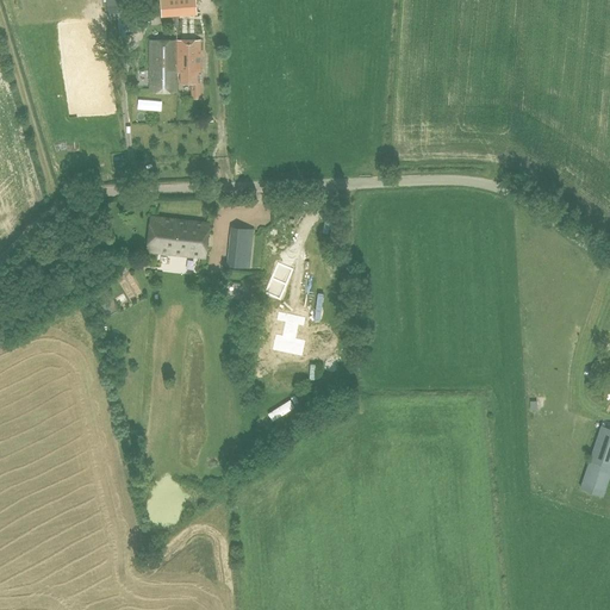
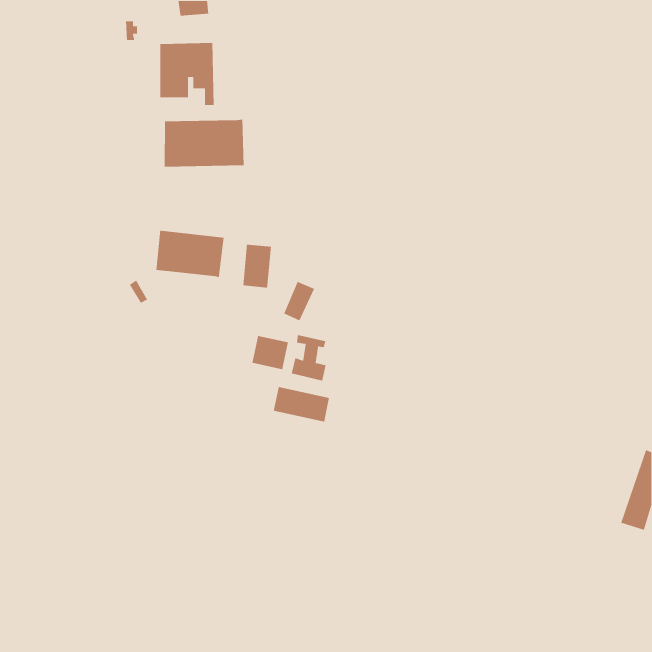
building: none -> [164,119,244,168]
building: none -> [252,335,289,370]
building: none -> [273,386,330,423]

